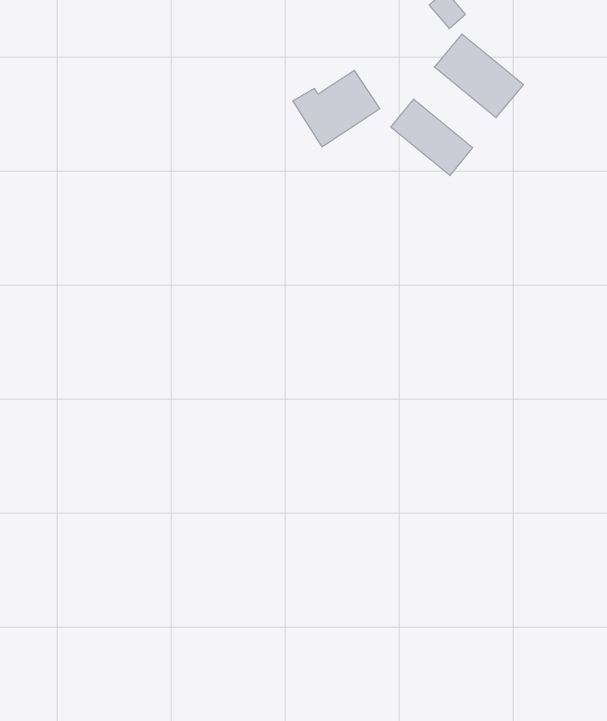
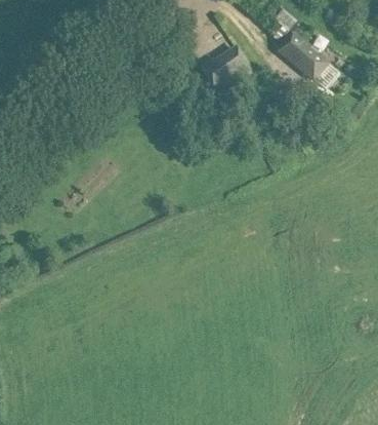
building: [391,99,473,176] -> none

